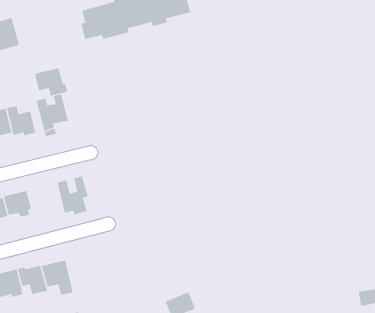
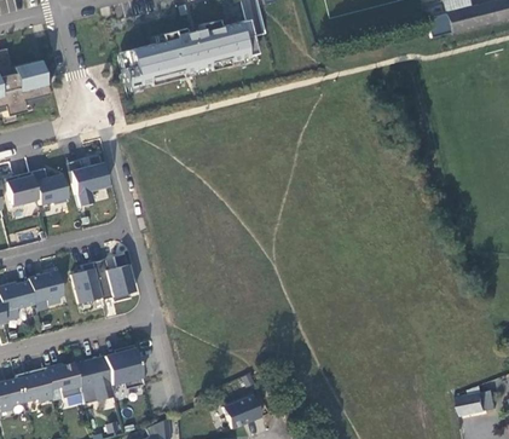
building: [34,67,68,97] -> none
building: none -> [68,262,100,305]
building: none -> [103,345,143,389]

